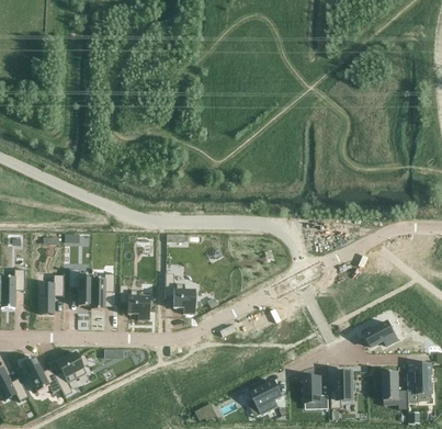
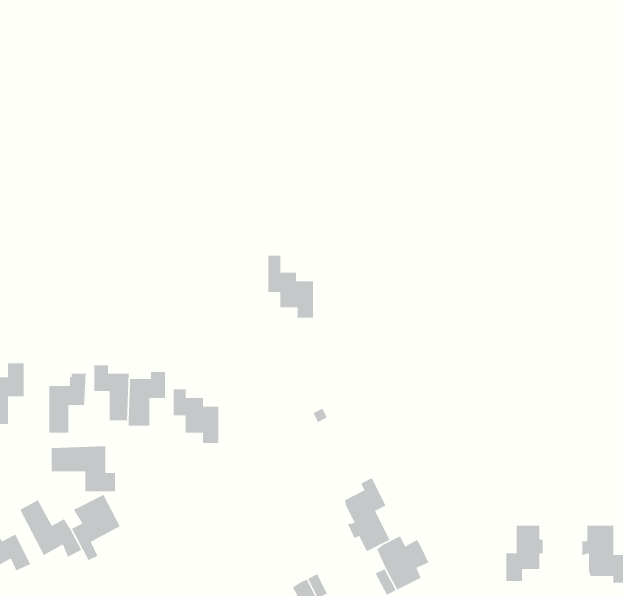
building: [165,272,194,313] -> [267,255,314,319]
building: none -> [51,445,116,492]
building: [364,320,397,346] -> none
building: none -> [344,477,390,552]
building: [304,375,328,408] -> none

